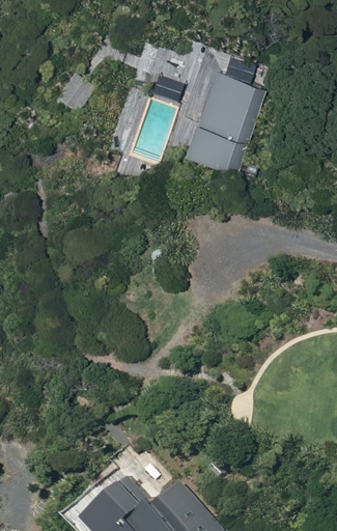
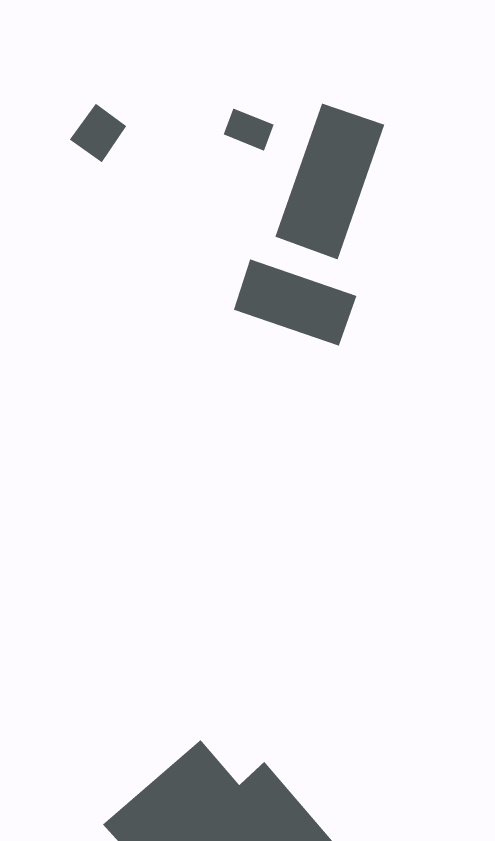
building: none -> [233,259,357,346]

